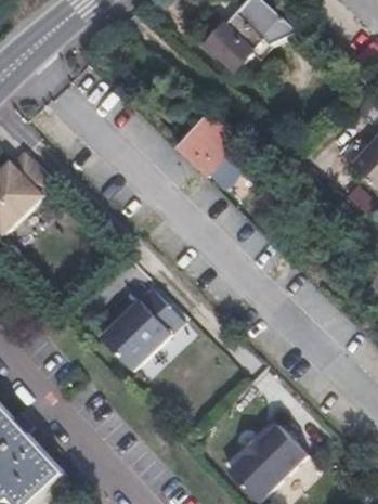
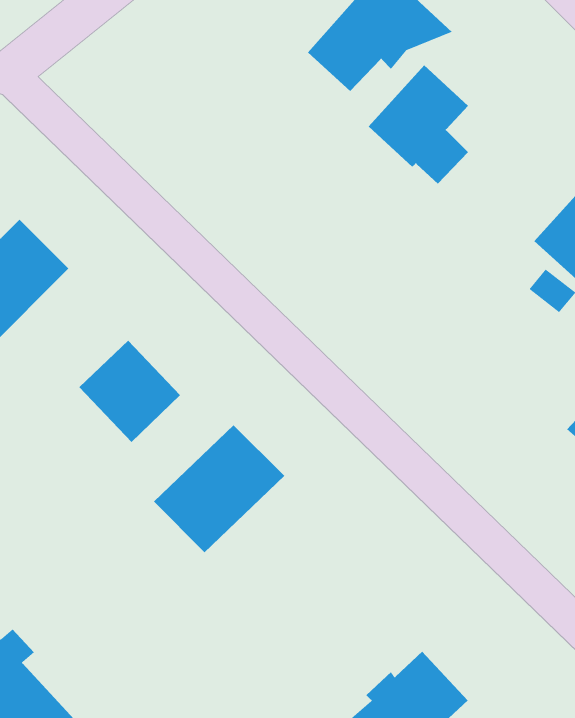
building: [177,112,240,188] -> [368,65,469,185]
building: none -> [79,340,181,443]

